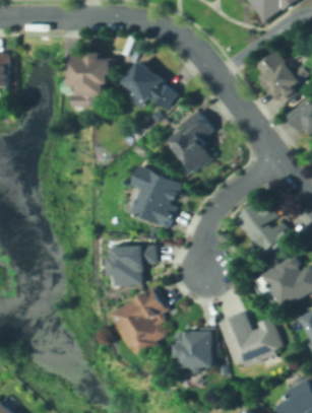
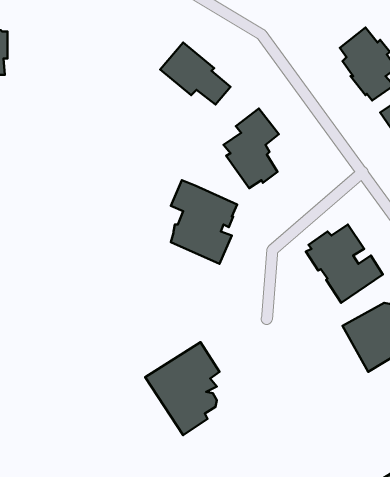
building: [61,52,112,106] -> none
building: [109,244,155,285] -> none
building: [217,311,280,365] -> none
building: [175,327,219,371] -> none

